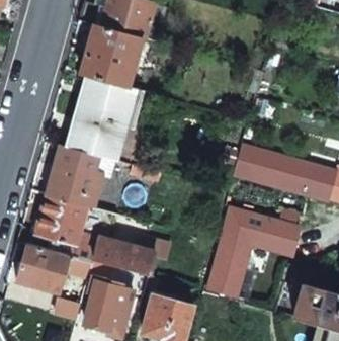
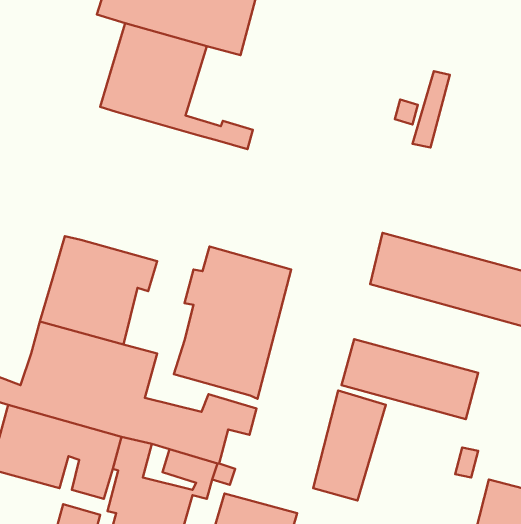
building: [70,76,137,163] -> [174,246,291,399]

